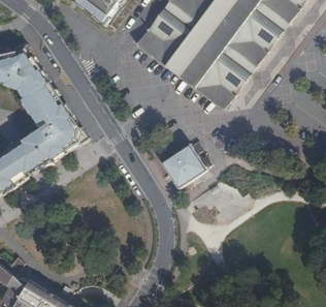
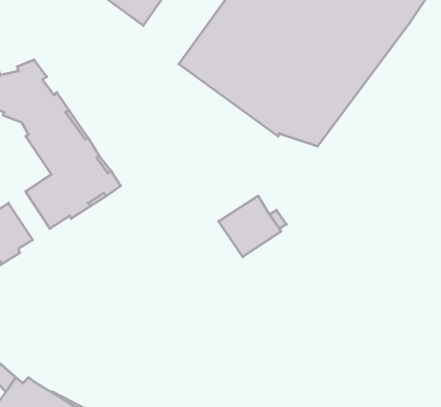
building: [7,141,37,176] -> none

